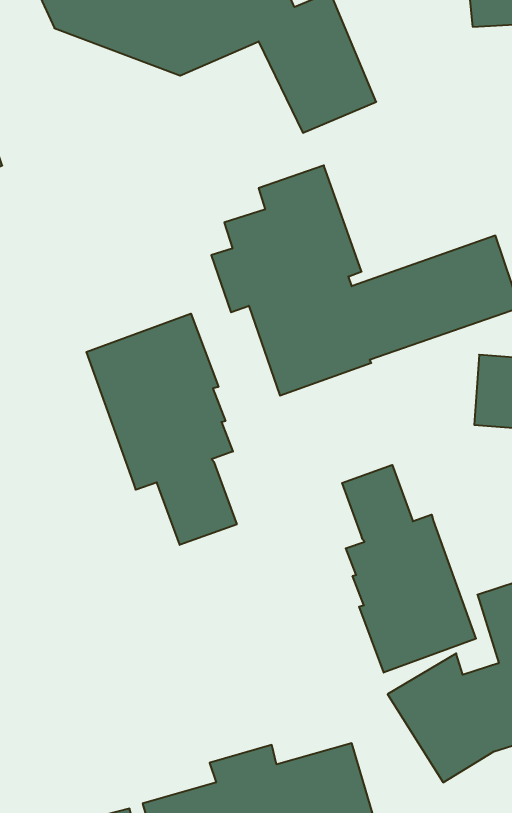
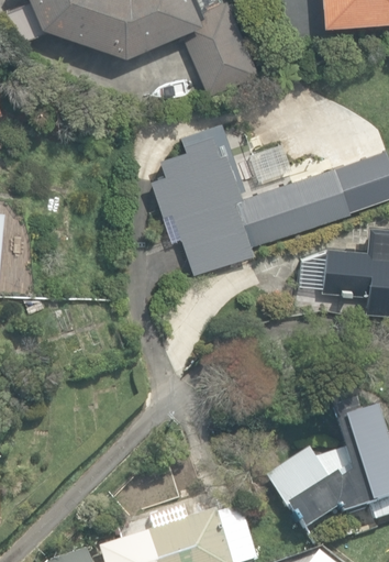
building: [86,314,237,545] -> none
building: [342,465,476,673] -> none

